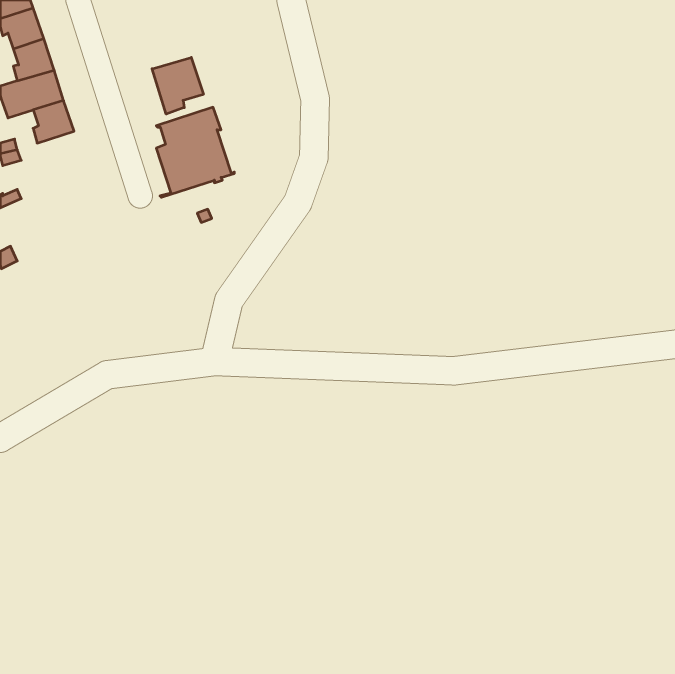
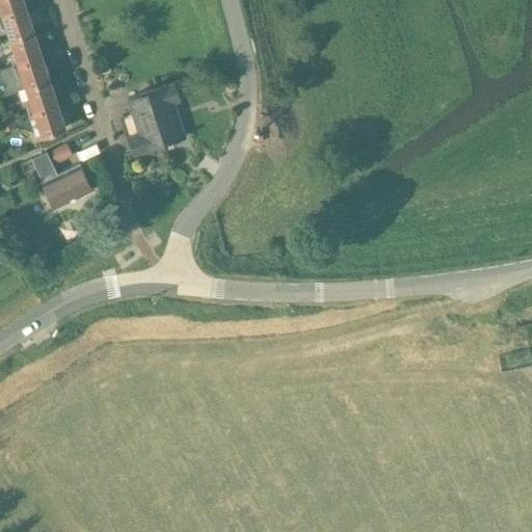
building: [152,57,203,114] -> none
building: none -> [30,105,66,138]
building: none -> [32,144,92,209]

